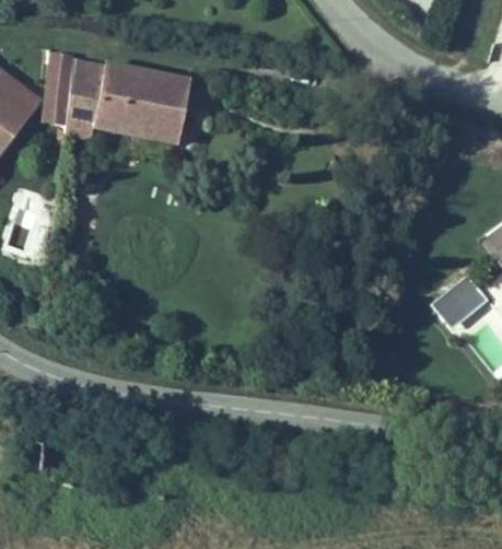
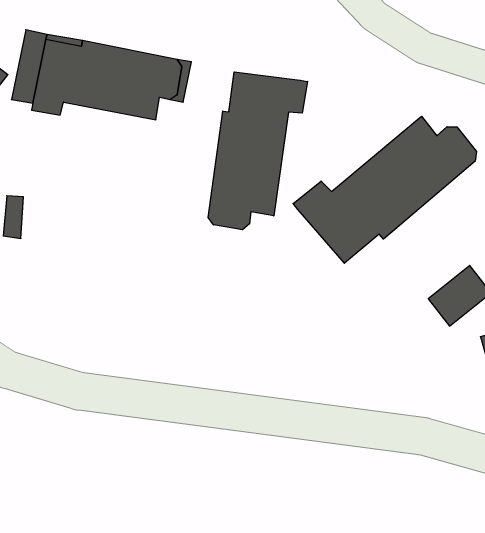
building: none -> [208,72,308,230]
building: none -> [293,116,477,263]

